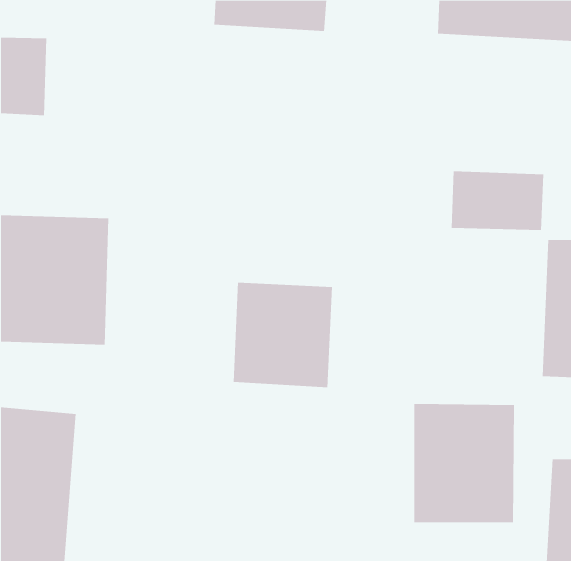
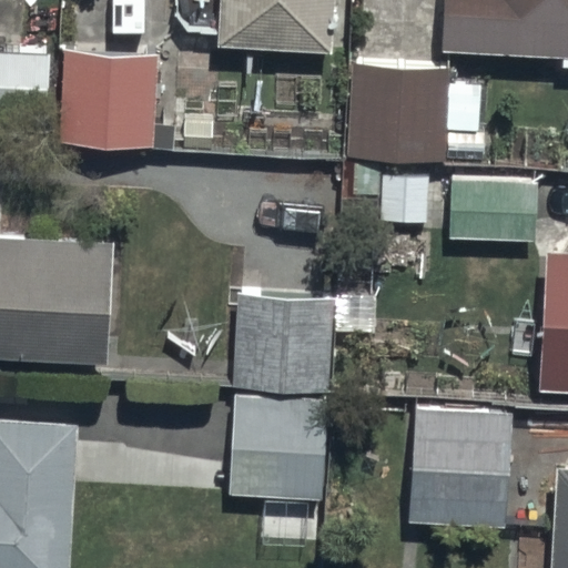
building: none -> [62,49,158,149]
building: none -> [349,64,485,165]
building: none -> [229,390,327,501]

